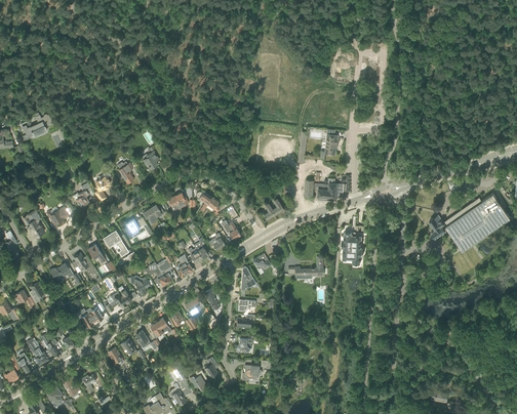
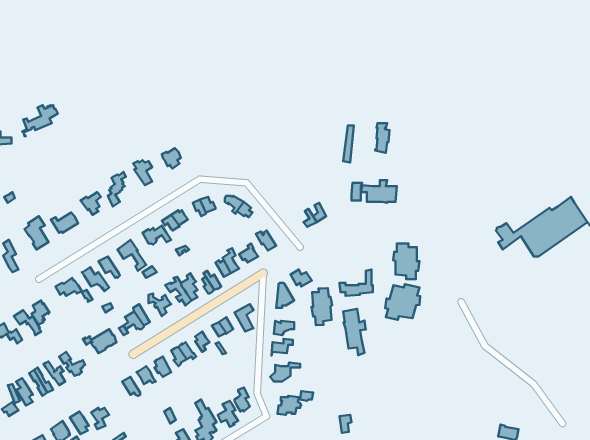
building: none -> [385,284,420,320]
building: none -> [311,288,332,325]
building: none -> [343,309,366,355]

